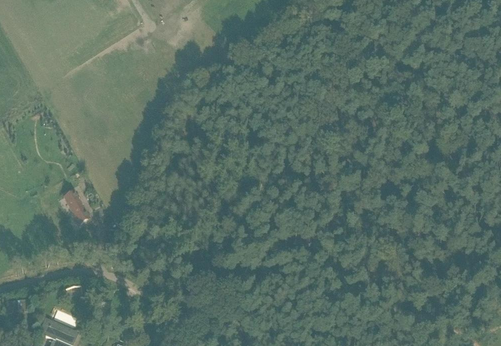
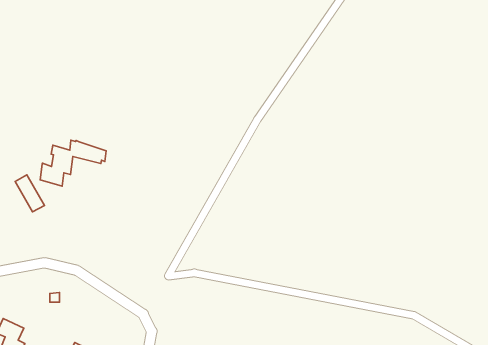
building: none -> [40,140,106,186]

